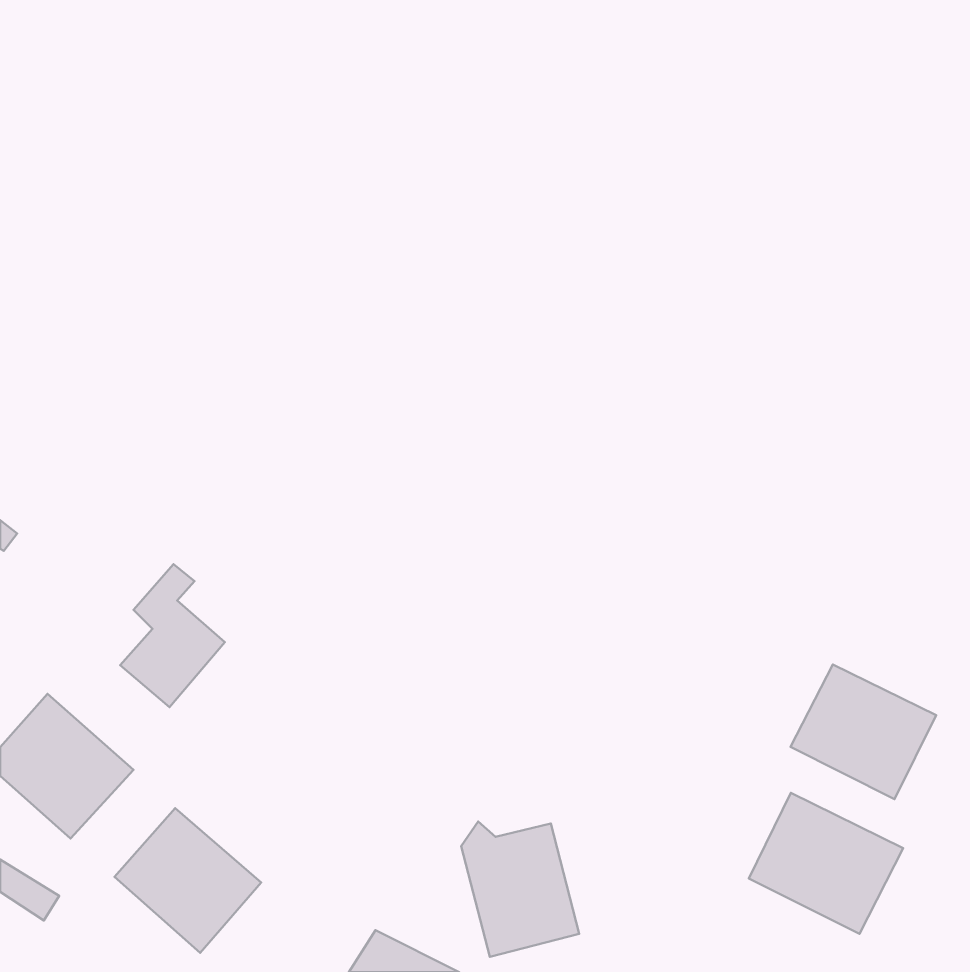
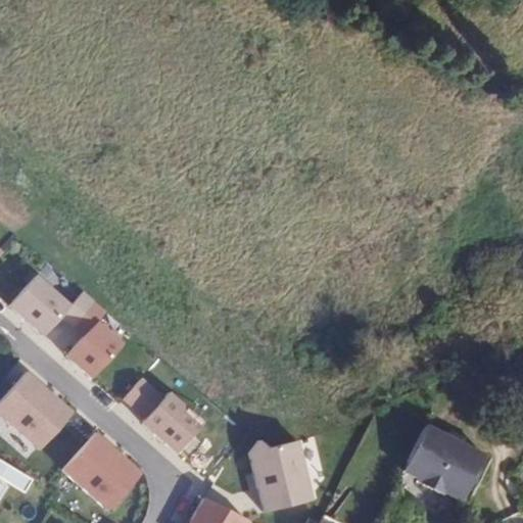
building: none -> [10,277,95,336]
building: [790,664,936,799] -> none
building: none -> [124,378,204,454]

